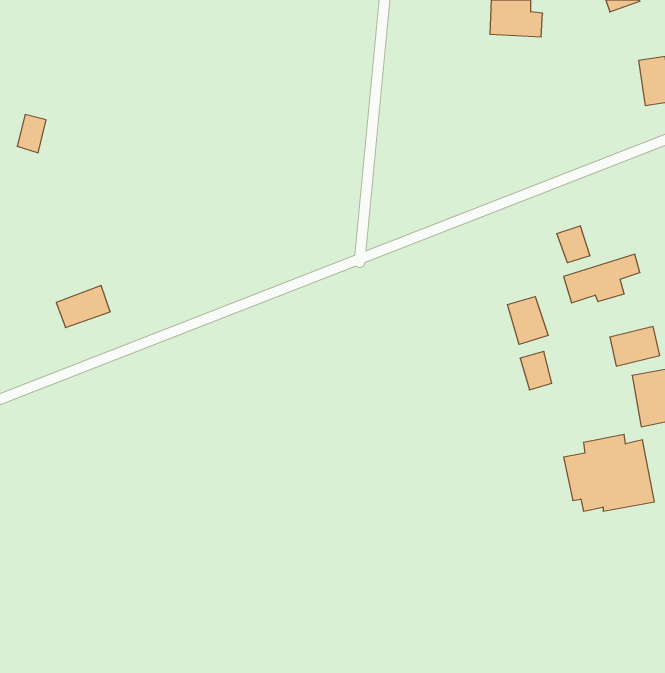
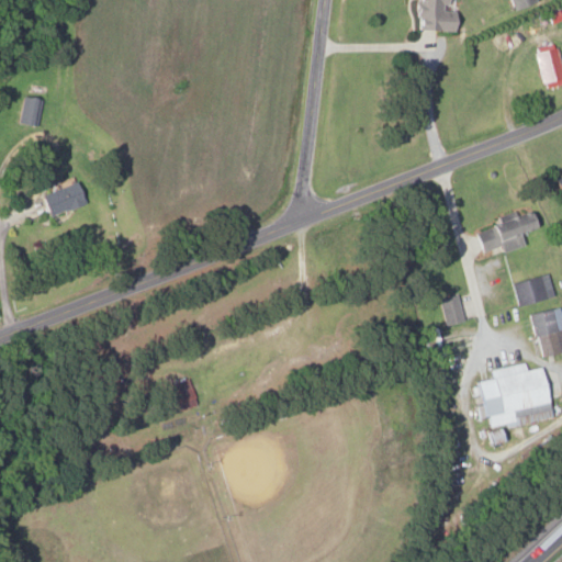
building: [557,226,590,263] -> none
building: [56,285,110,328] -> [42,181,87,216]
building: [508,297,548,344] -> none

